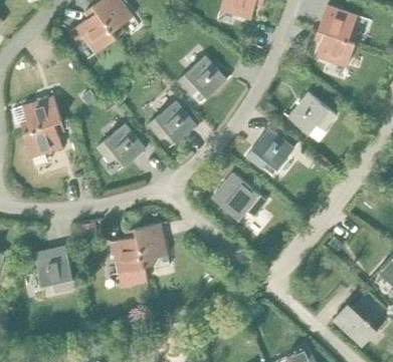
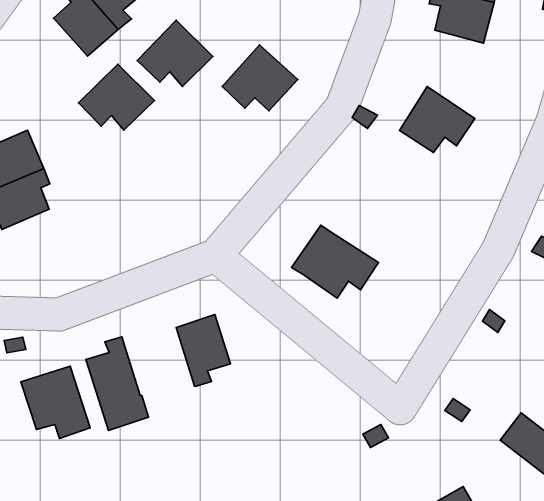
building: [148,101,196,143] -> [137,20,213,86]
building: [96,124,145,166] -> [78,64,155,130]
building: [245,128,293,169] -> none
building: [111,230,147,288] -> [86,337,148,430]

